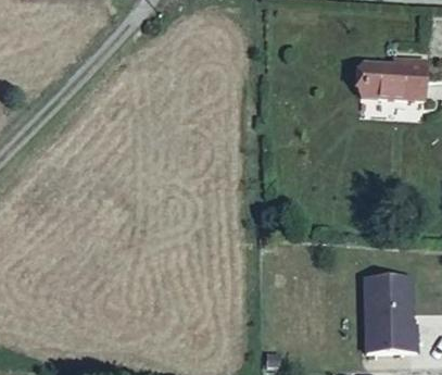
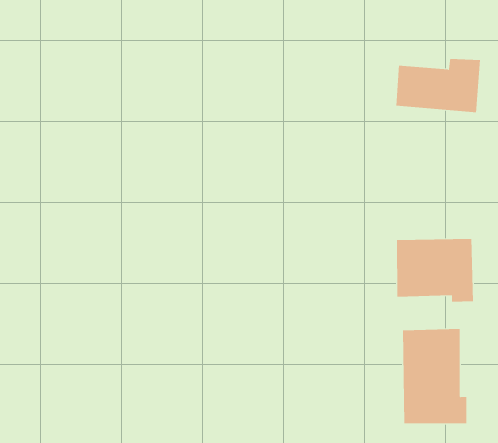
building: none -> [396,238,473,303]

